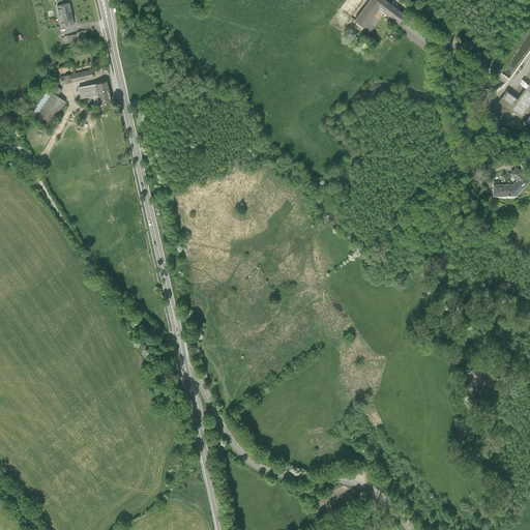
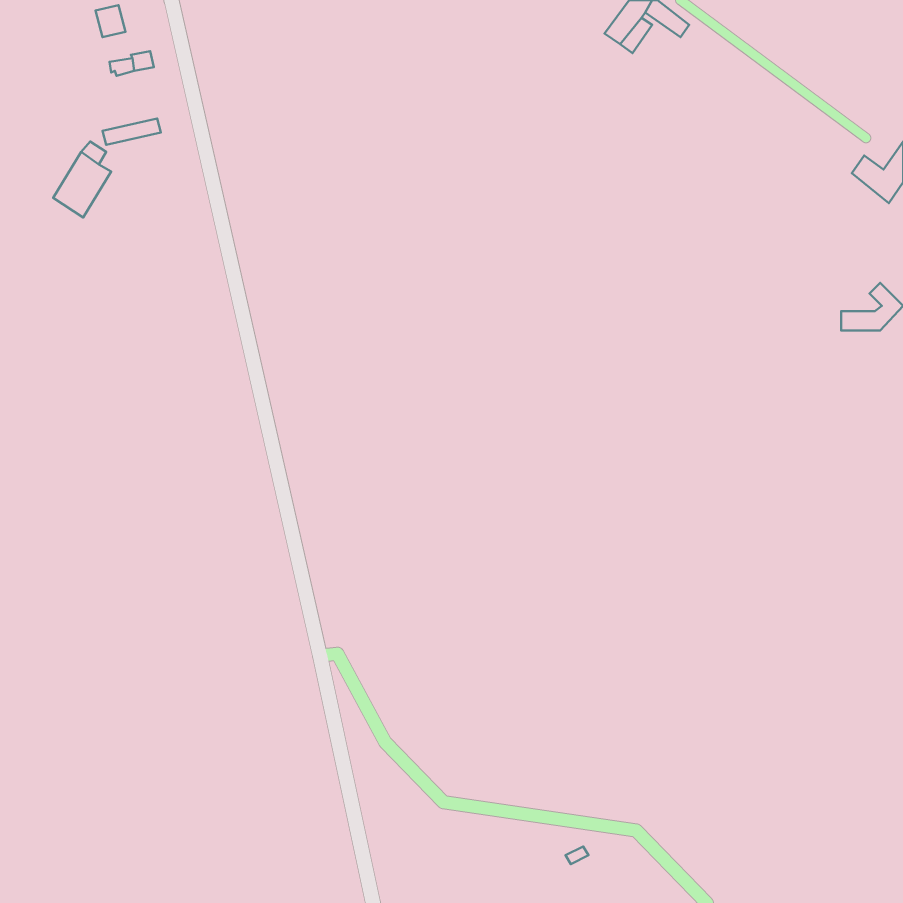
building: [79,81,112,104] -> none

